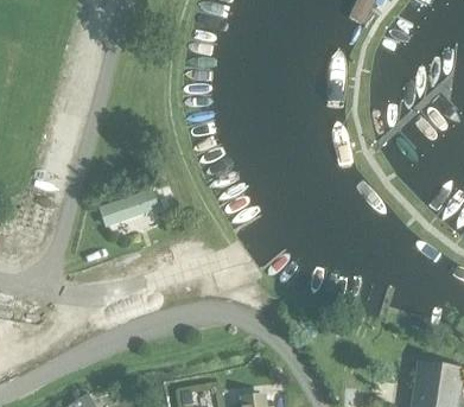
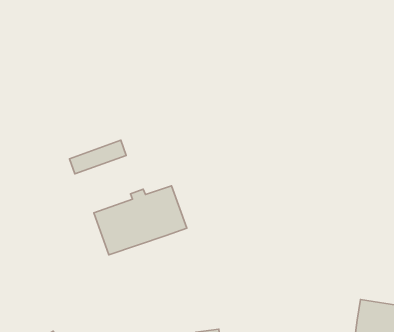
building: none -> [94,186,187,255]

